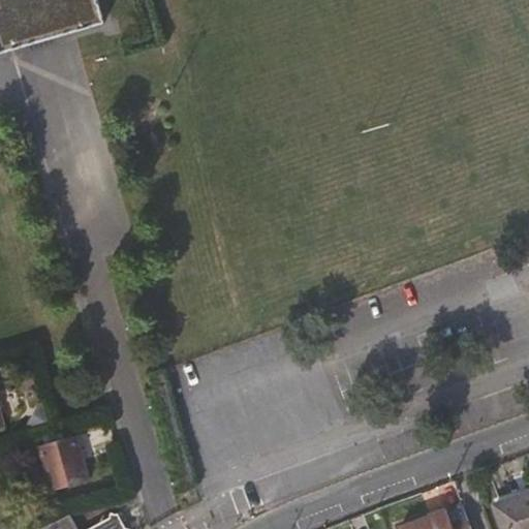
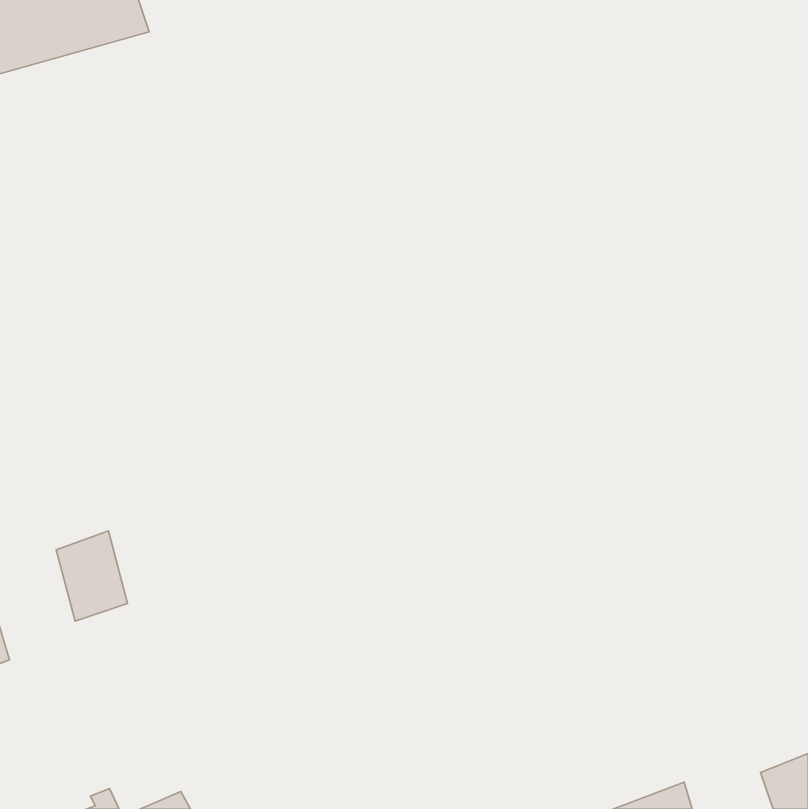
building: [40,434,87,493] -> [56,531,128,621]

